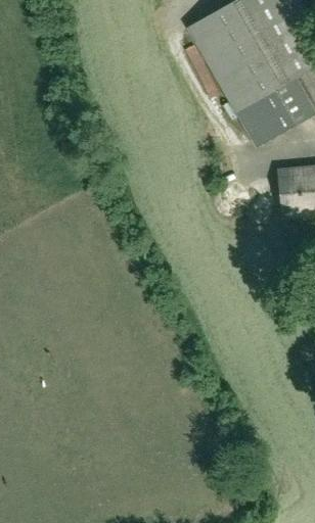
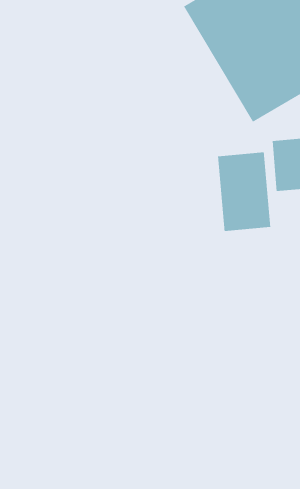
building: none -> [217,152,271,232]

